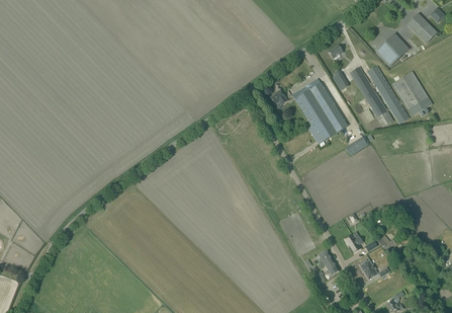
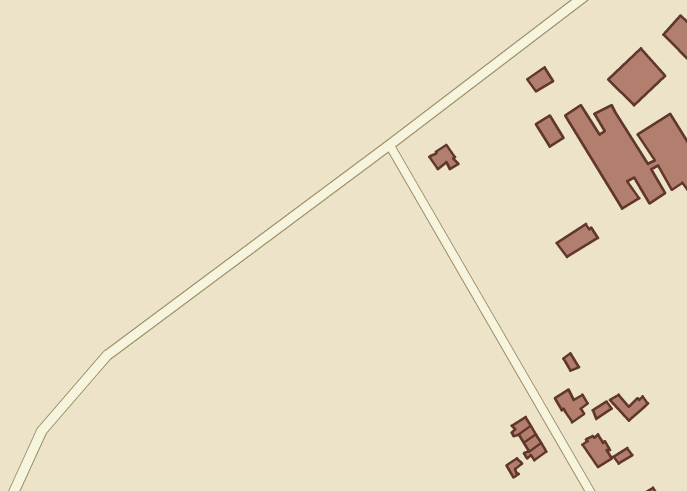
building: [291,78,347,147] -> none

